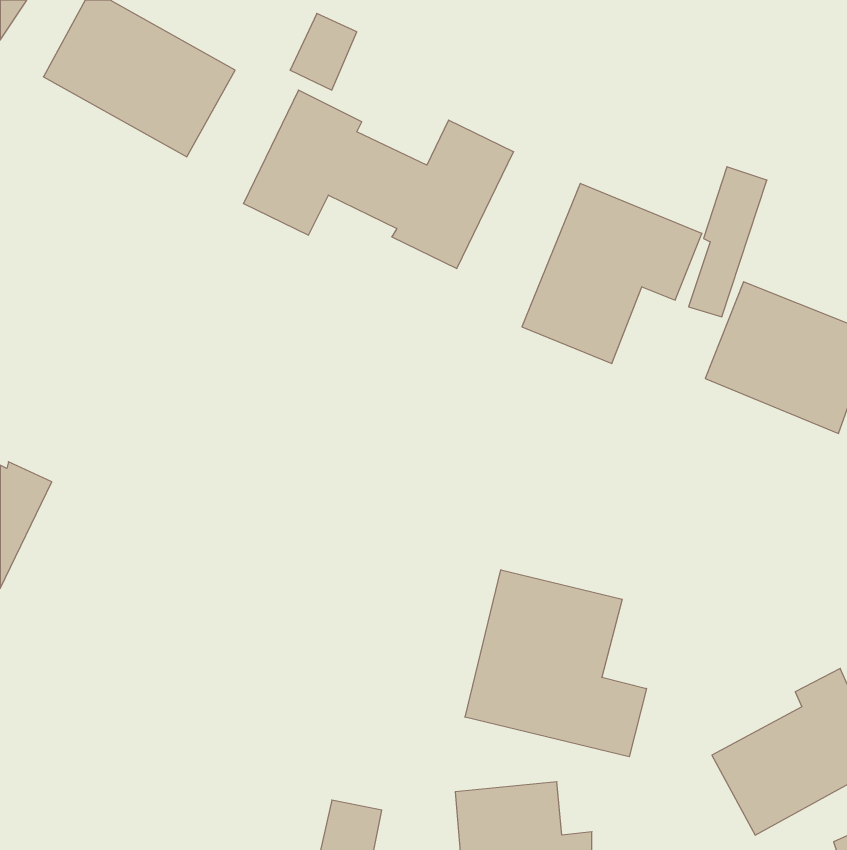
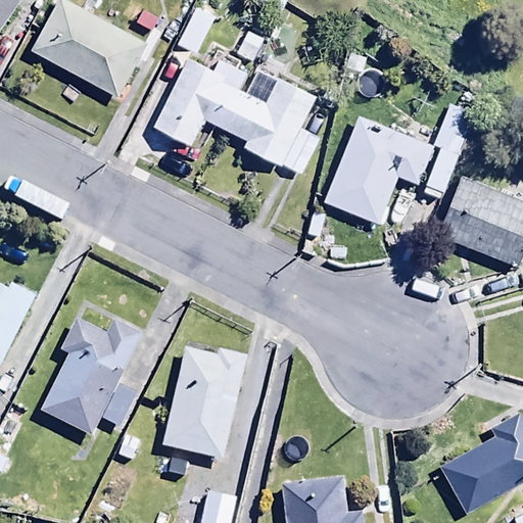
building: none -> [42,319,145,434]
building: none -> [161,347,246,461]
building: [465,570,646,757] -> none

